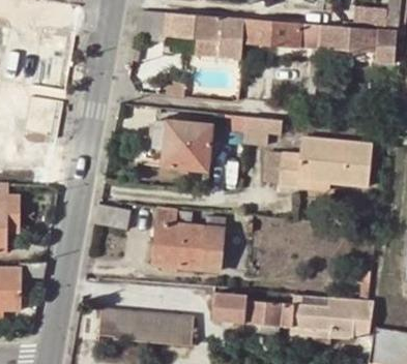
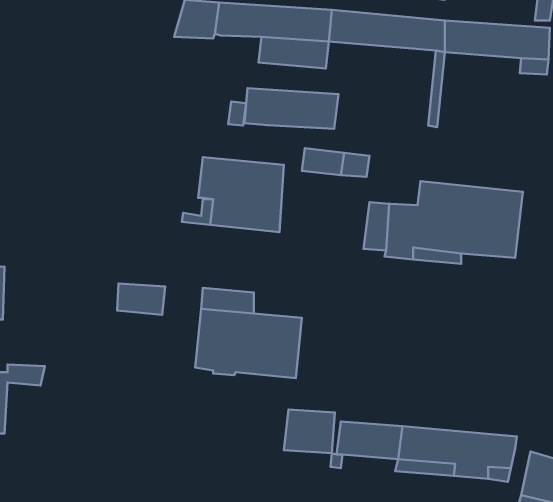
building: none -> [245,88,339,129]
building: [99,308,197,345] -> none

